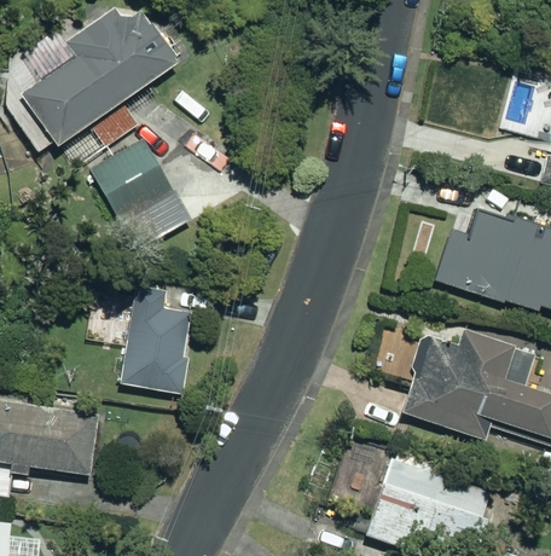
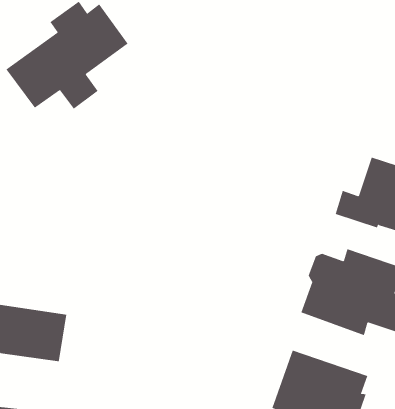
building: [89,137,173,220] -> none
building: [117,283,207,394] -> none

